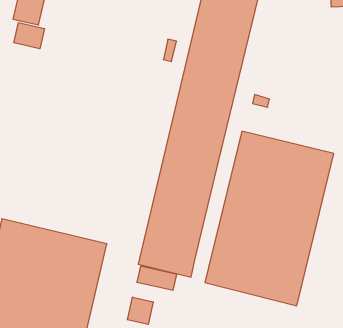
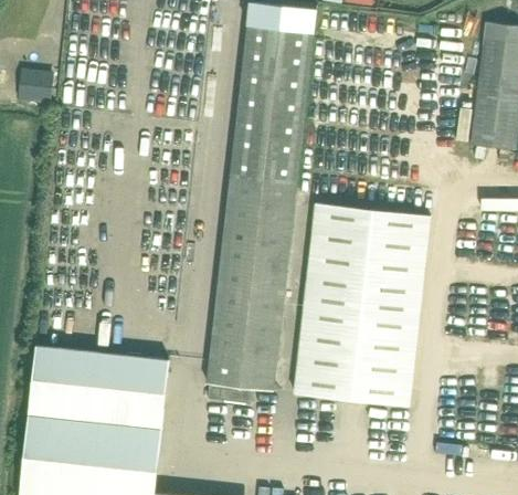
building: [14,23,44,49] -> none
building: [127,297,153,324] -> none

